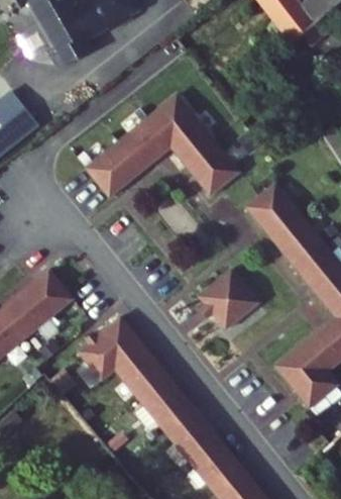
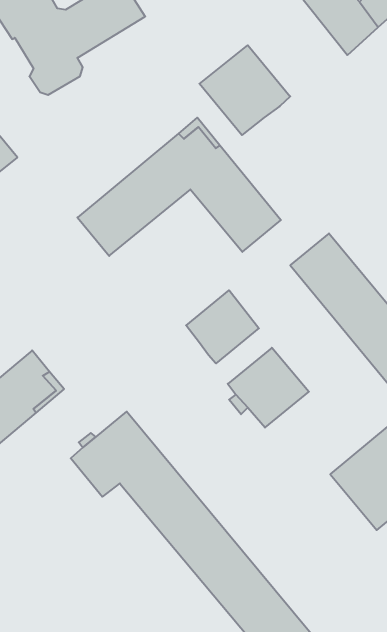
building: none -> [199,45,290,135]
building: none -> [186,290,259,363]

